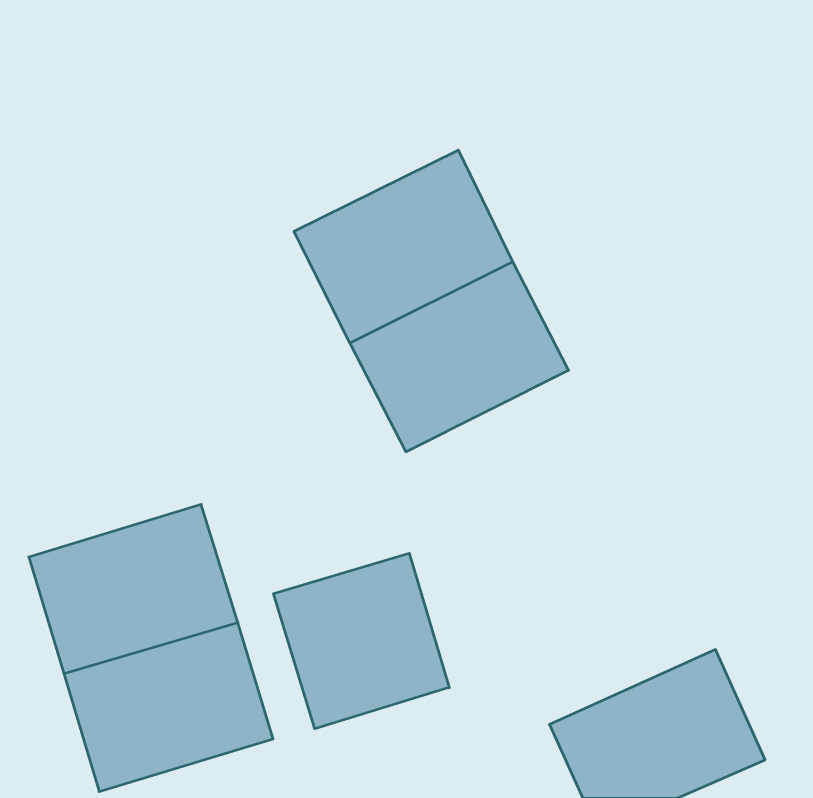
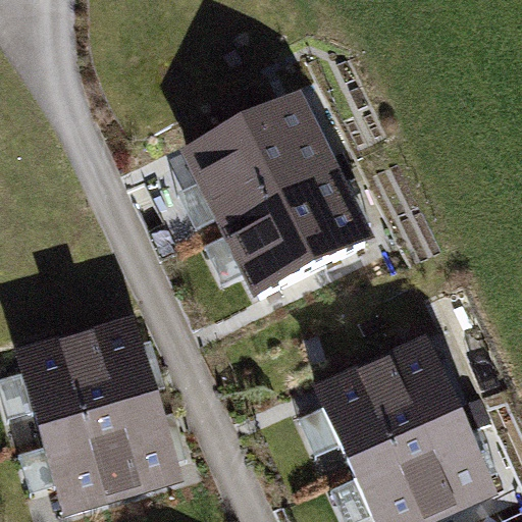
building: none -> [318,344,457,463]
building: [274,553,449,729] -> none

